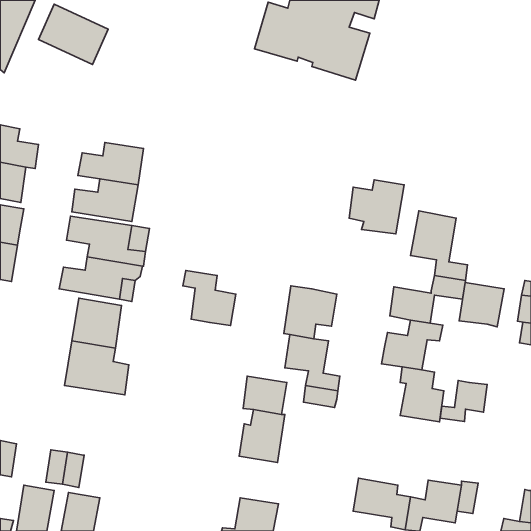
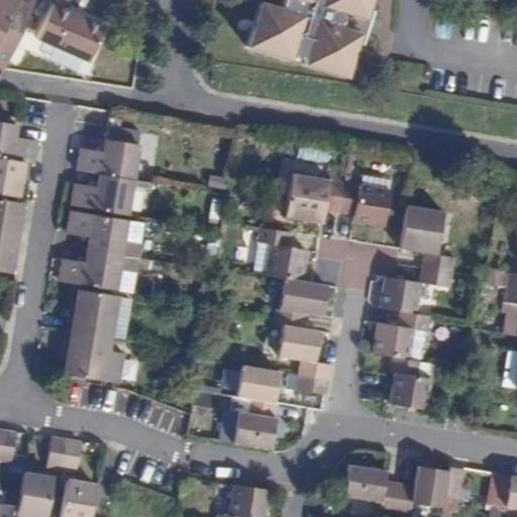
building: none -> [284,170,345,223]
building: [183,270,236,325] -> [256,227,308,281]
building: [459,282,504,327] -> none
building: [440,381,487,421] -> none

